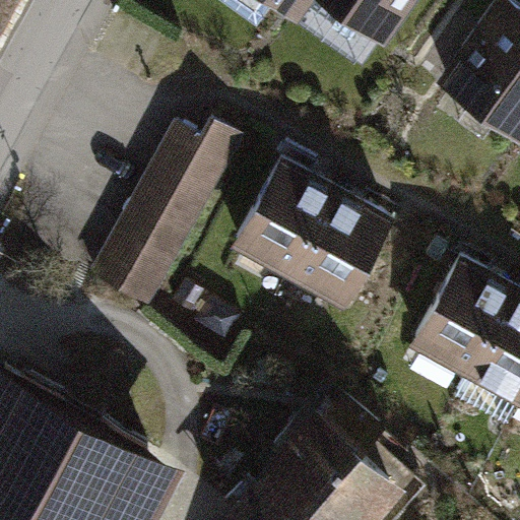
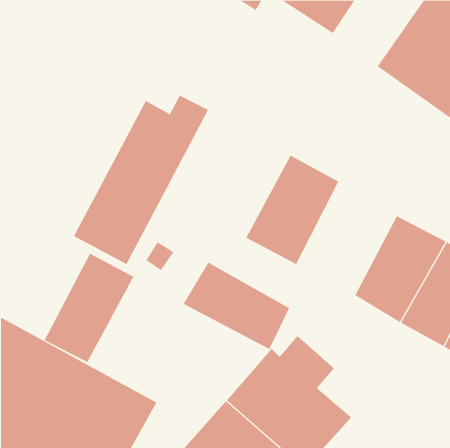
building: [229,155,337,280] -> none
building: none -> [44,253,134,363]
building: none -> [183,262,290,350]

